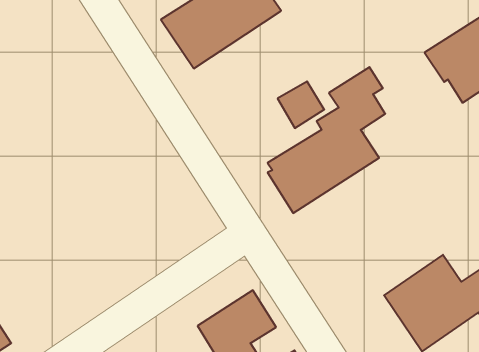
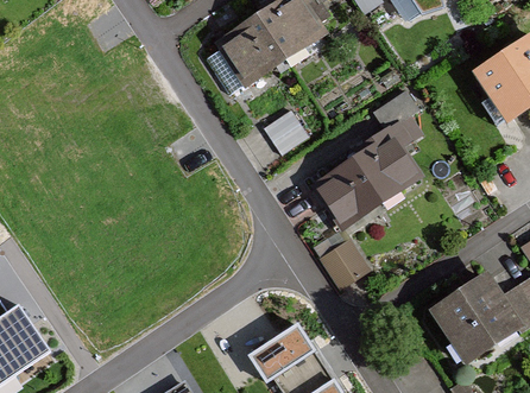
building: [278,81,324,128] -> [265,103,310,148]
building: none -> [320,229,371,284]

